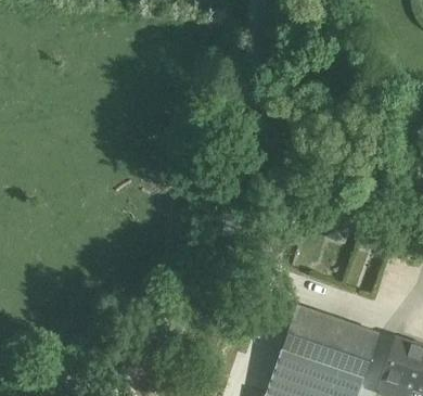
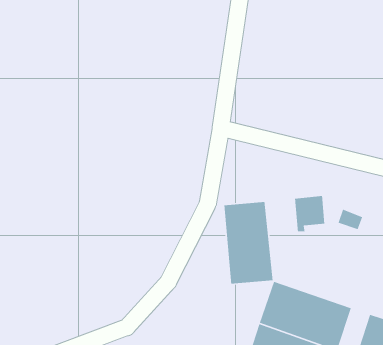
building: none -> [223,201,273,284]

